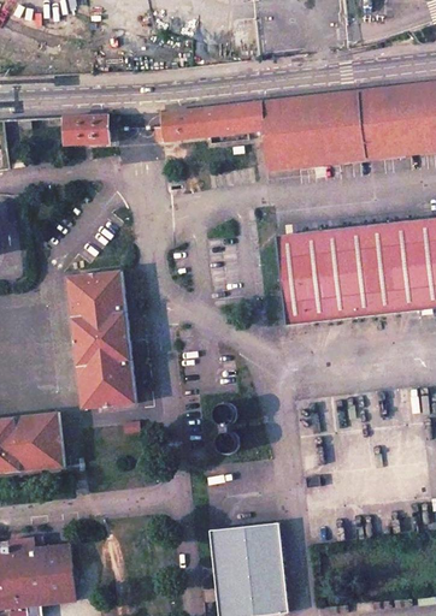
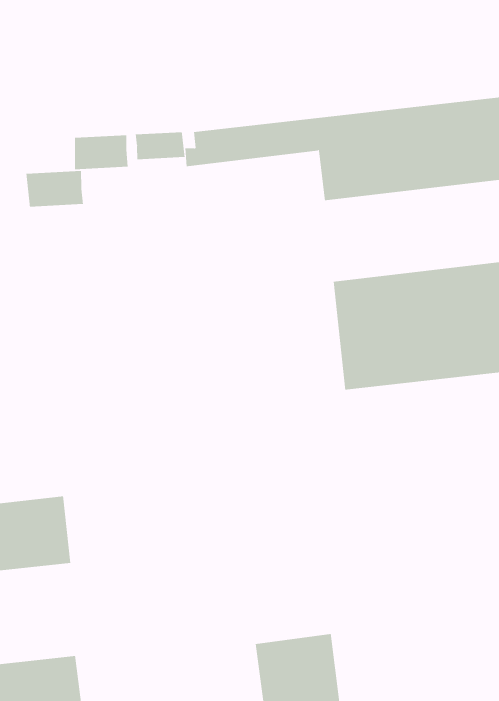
building: none -> [135,131,185,160]
building: none -> [26,170,84,207]
building: [66,268,135,408] -> none

